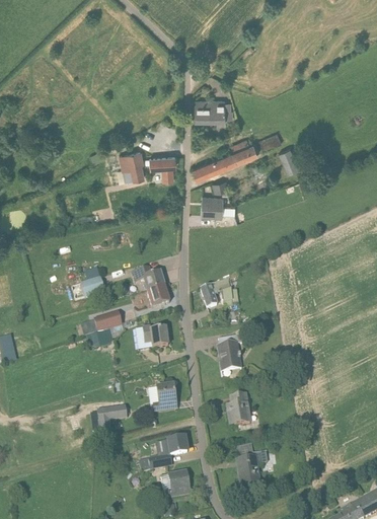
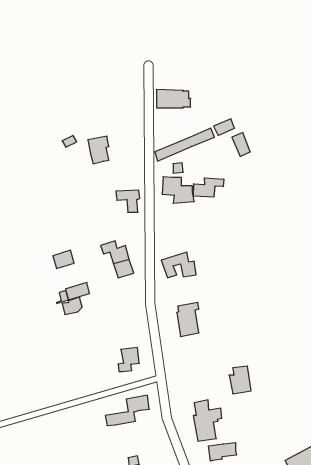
building: [150,156,176,180] -> [116,190,140,212]
building: none -> [194,178,224,197]
building: [142,325,168,348] -> none
building: [227,394,251,425] -> [229,366,251,394]
building: [97,405,128,431] -> none
building: [162,471,190,498] -> none
building: none -> [208,443,236,461]

